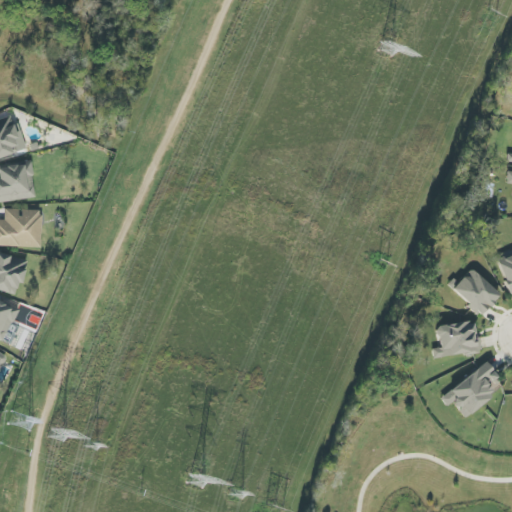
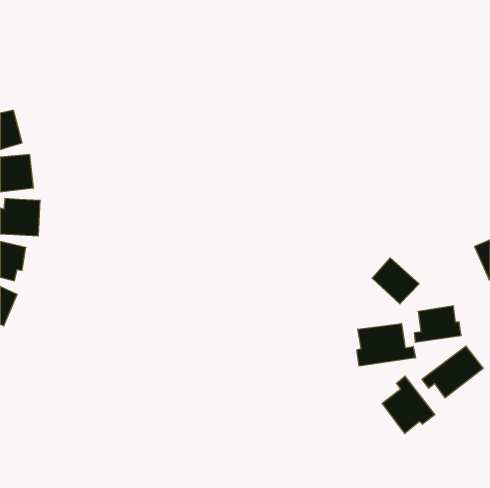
building: [451,266,500,314] -> [372,258,419,304]
building: none -> [357,323,415,366]
building: none -> [382,376,435,434]

